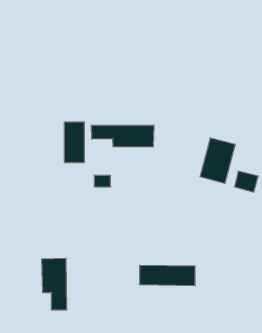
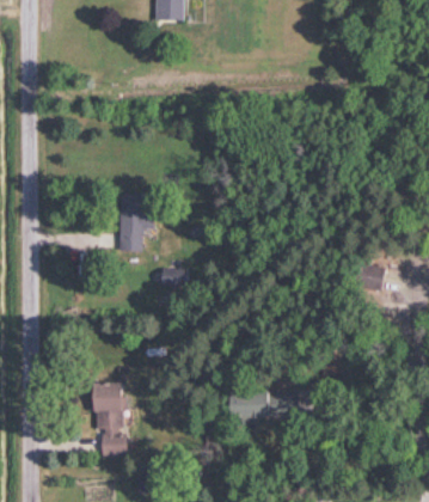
building: [91,125,154,147] -> none
building: [200,138,235,183] -> none

